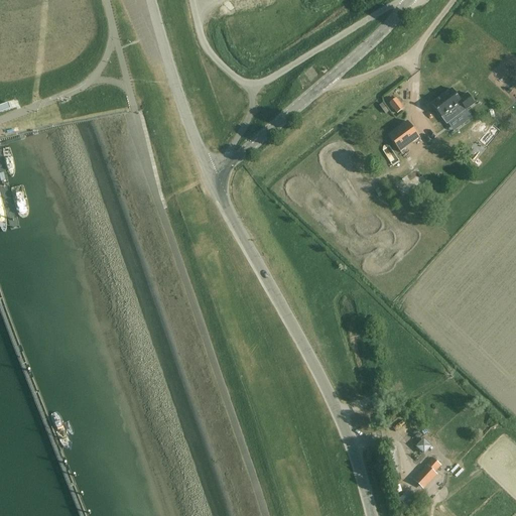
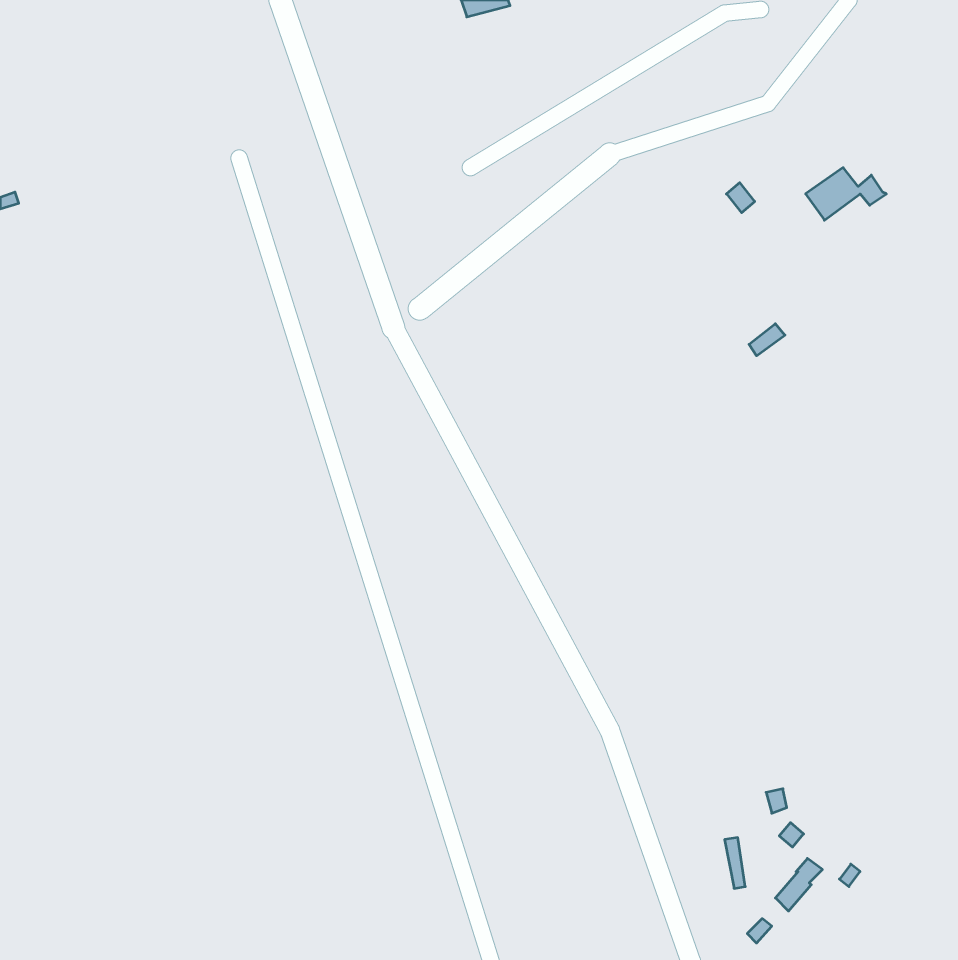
building: [390,123,421,154] -> none

